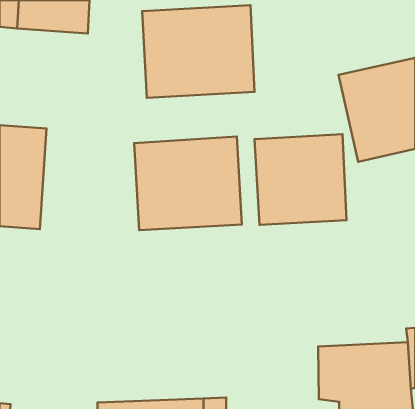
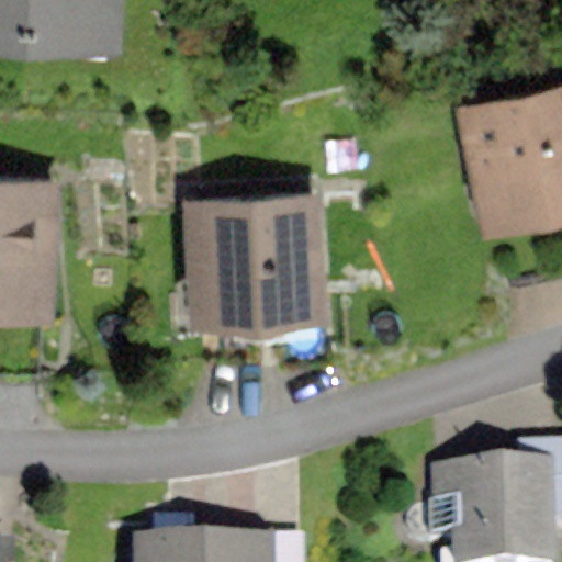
building: [142,5,254,98] -> none
building: [255,134,346,225] -> none

